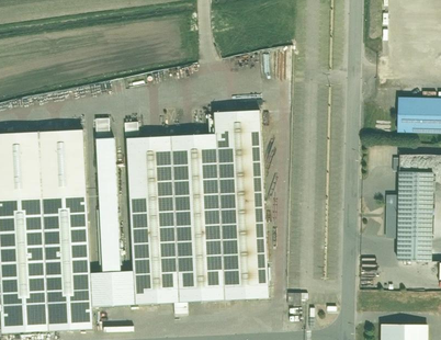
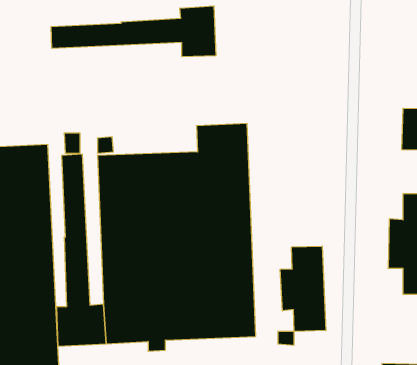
building: none -> [51,6,216,57]
building: none -> [280,246,326,331]

